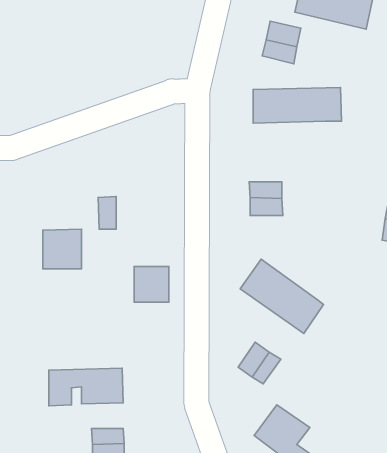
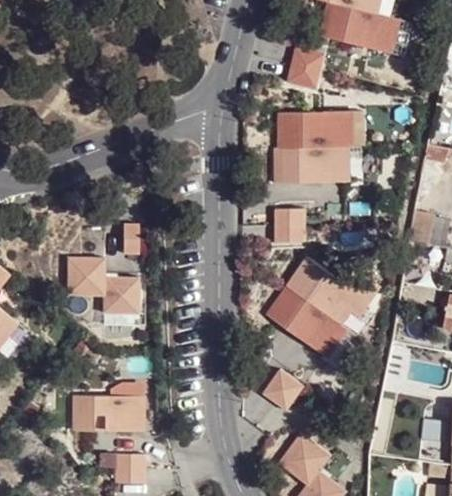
building: none -> [272,145,351,183]
building: none -> [284,256,383,325]
building: [134,267,169,302] -> [103,275,138,311]

